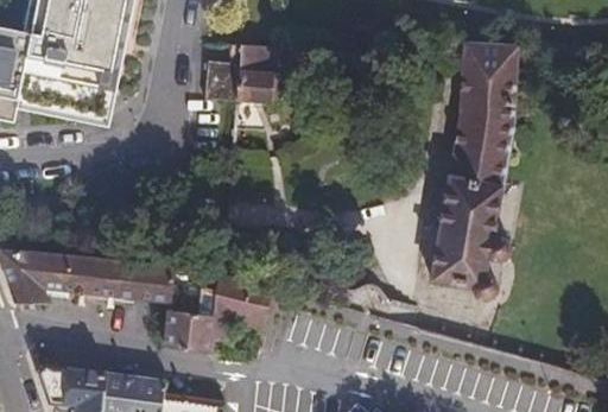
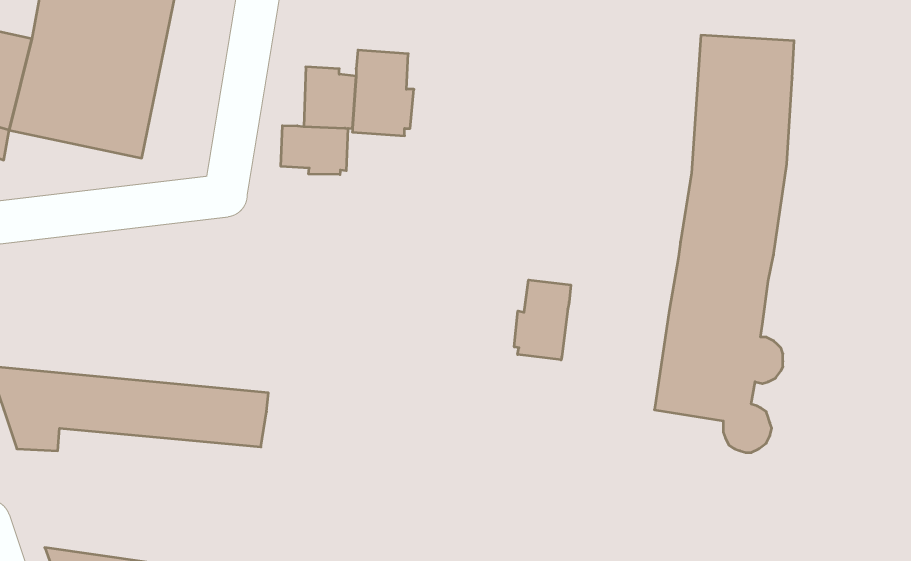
building: none -> [281,126,348,175]
building: none -> [514,280,571,360]
building: [170,272,277,354] -> none

